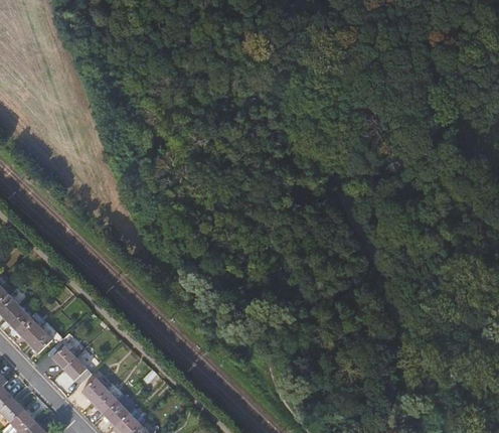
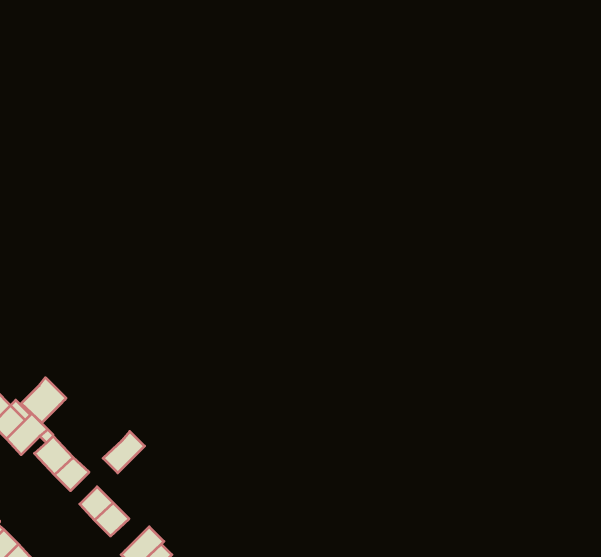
building: none -> [21,378,66,423]
building: [104,393,135,424] -> [103,431,145,473]

